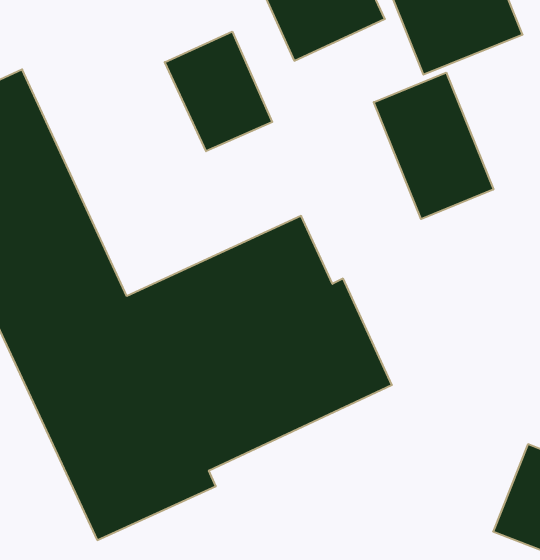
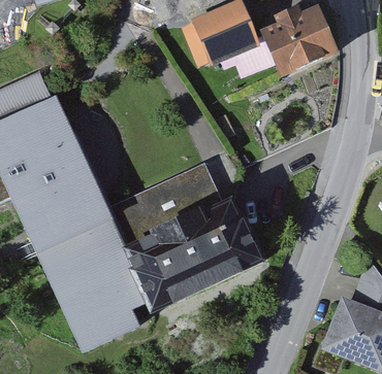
building: [165,32,272,151] -> none
building: [374,73,493,219] -> none

